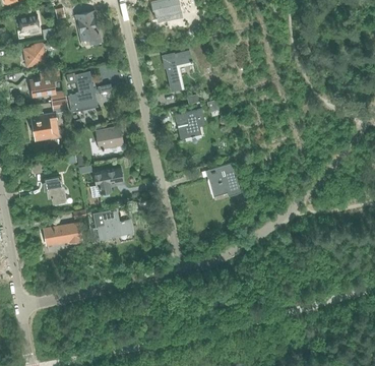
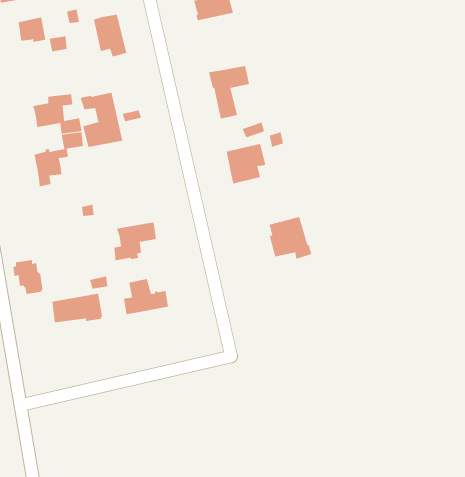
building: [23,42,47,66] -> none
building: [96,125,123,149] -> none
building: [43,176,66,202] -> [12,259,43,294]

